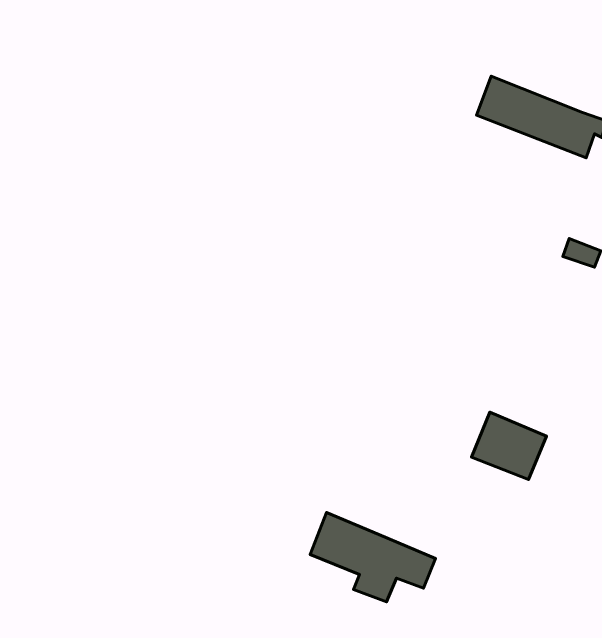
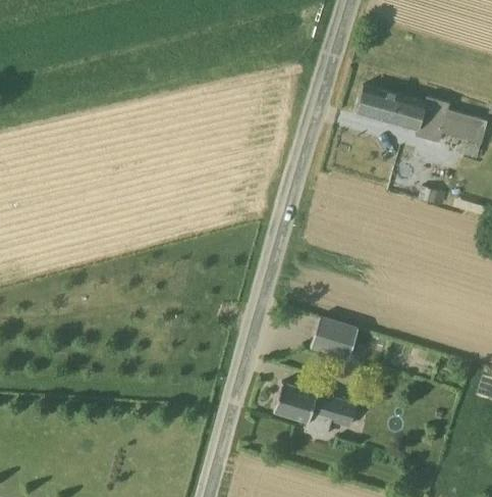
building: [472,412,547,479] -> [312,318,360,360]

